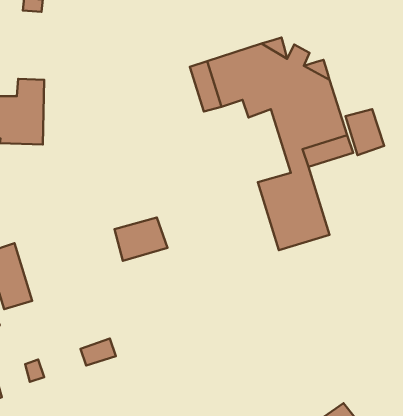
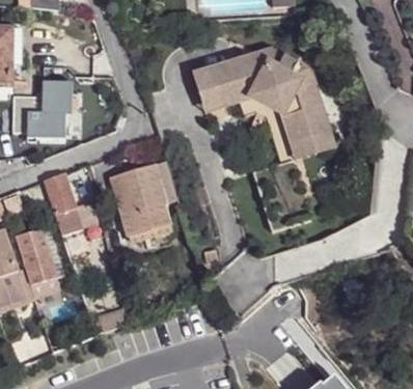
building: [345,109,384,155] -> none
building: none -> [112,161,175,216]
building: none -> [44,172,82,232]

